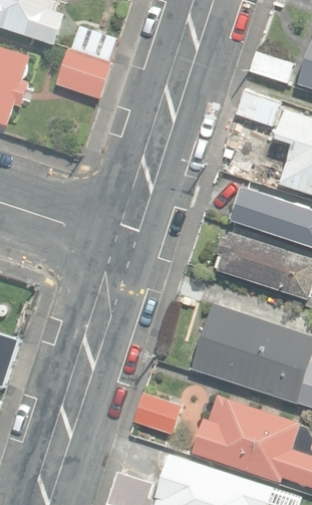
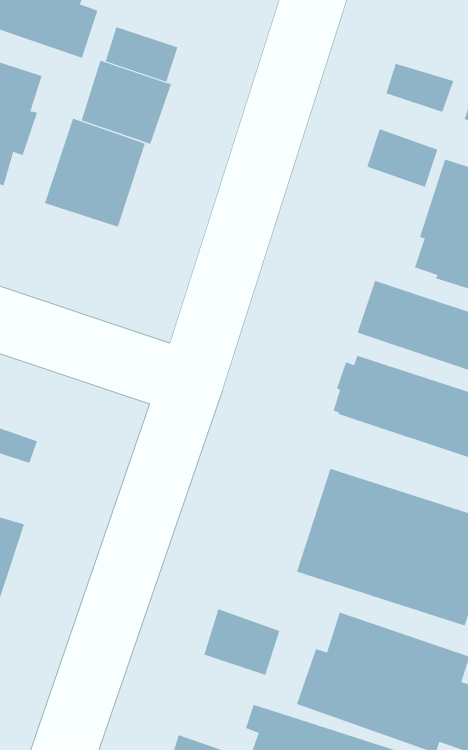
building: none -> [44,118,145,227]

